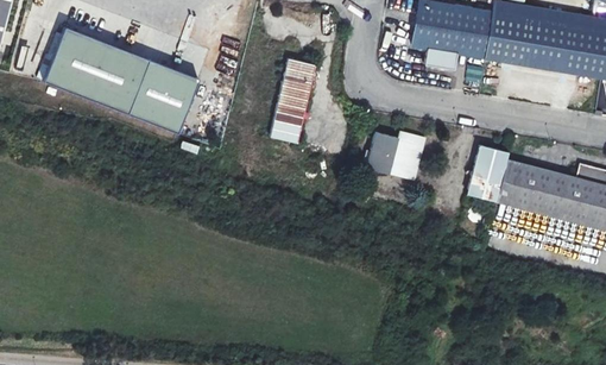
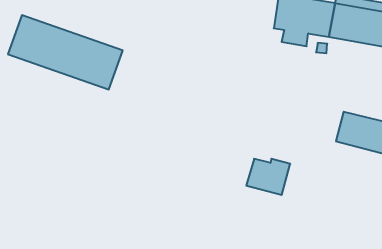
building: [269,59,316,143] -> none
building: [366,132,427,182] -> [246,159,290,195]
building: [467,146,510,202] -> none

